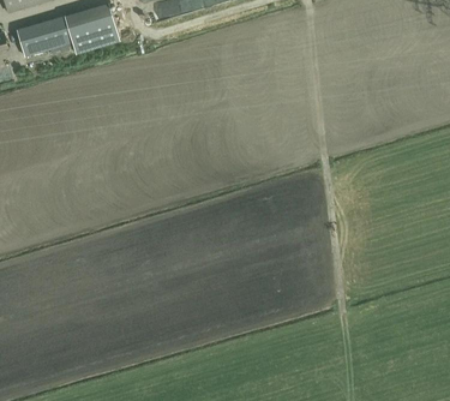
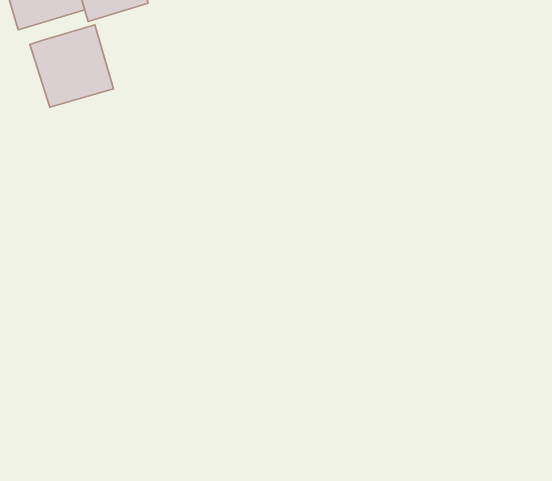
building: none -> [30,25,113,107]

